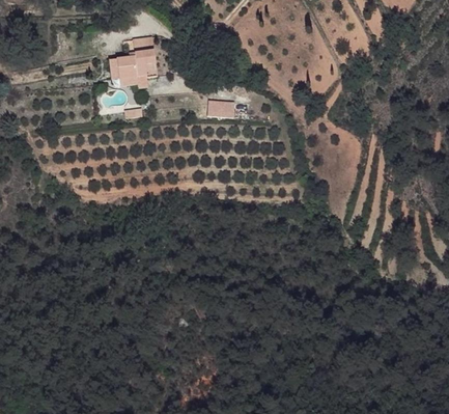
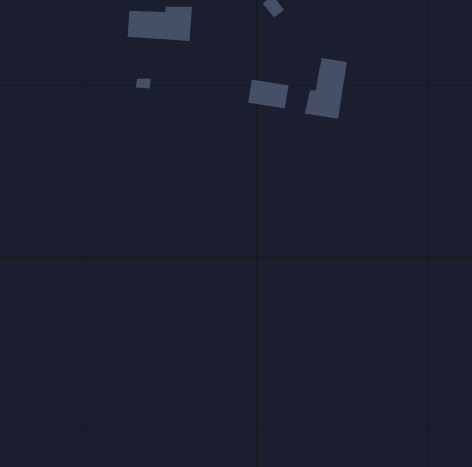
building: none -> [304,57,348,119]

